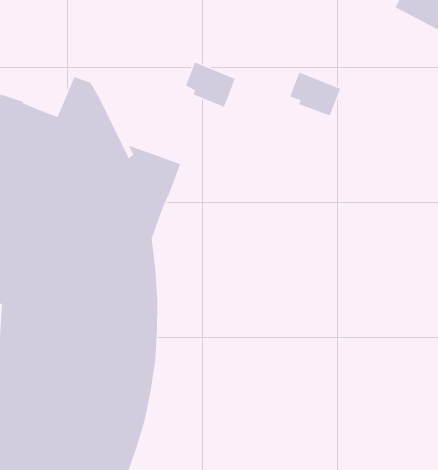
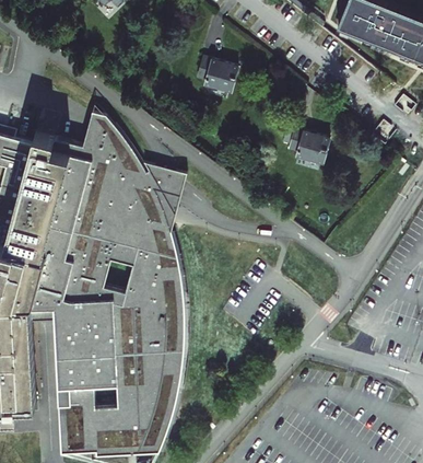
building: [185,62,236,108] -> [198,58,237,92]
building: [289,71,341,116] -> [289,130,329,163]

